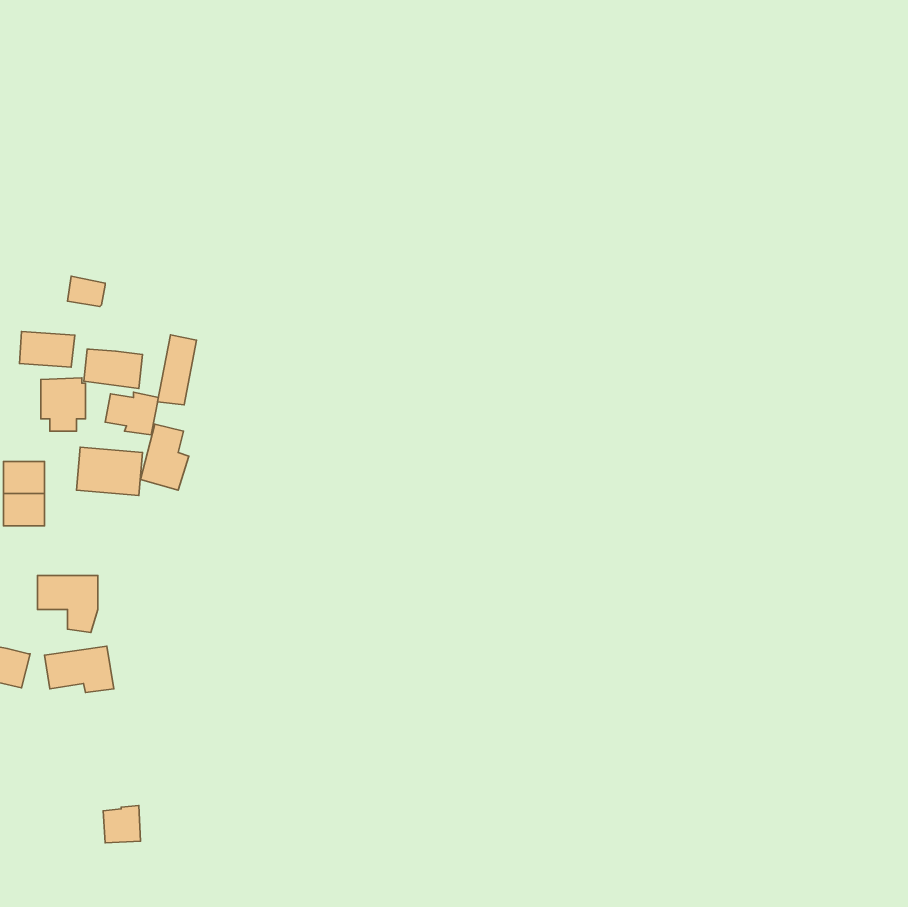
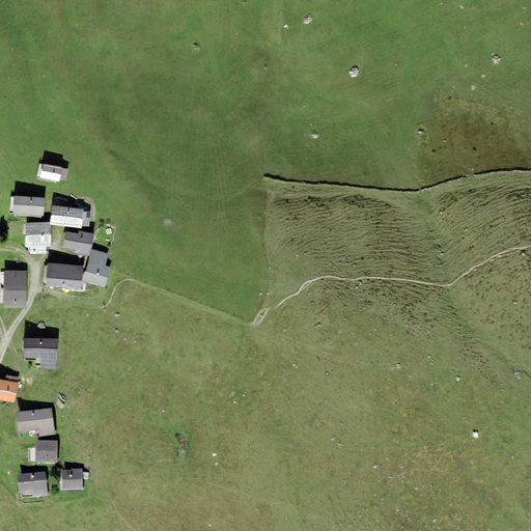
building: [158,335,196,405] -> none
building: [44,646,114,692] -> [13,410,54,437]
building: none -> [34,442,56,463]
building: none -> [16,472,47,498]

